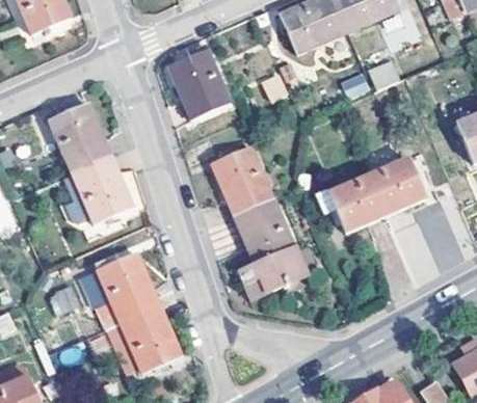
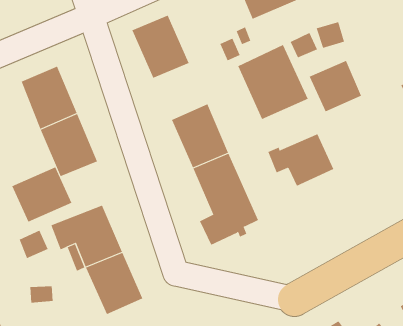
building: none -> [238,44,308,120]
building: [369,159,426,215] -> [309,60,362,112]
building: none -> [11,167,72,222]

